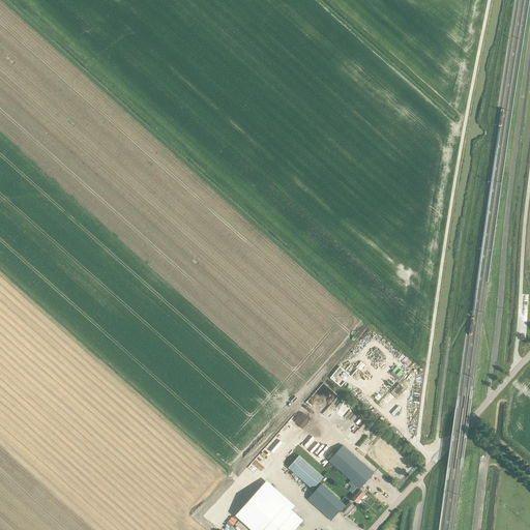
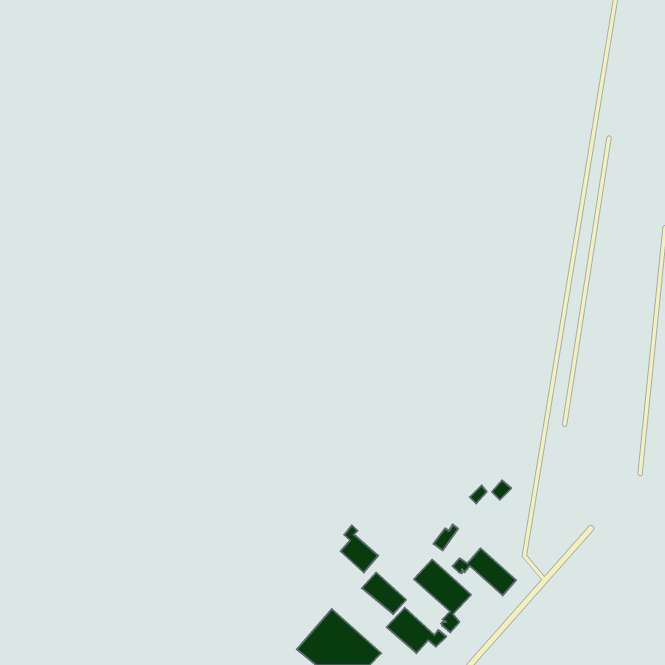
building: none -> [341,525,378,573]
building: none -> [452,548,516,596]

